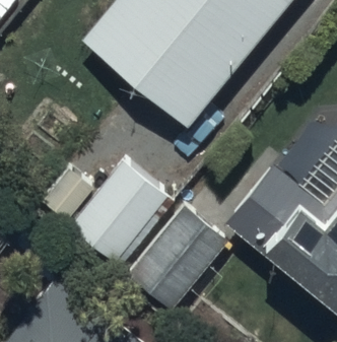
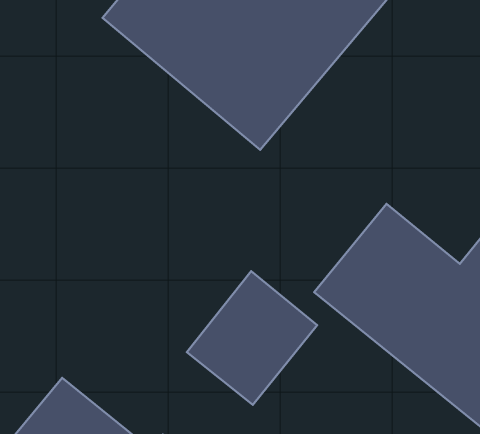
building: [68,163,174,271] -> none

